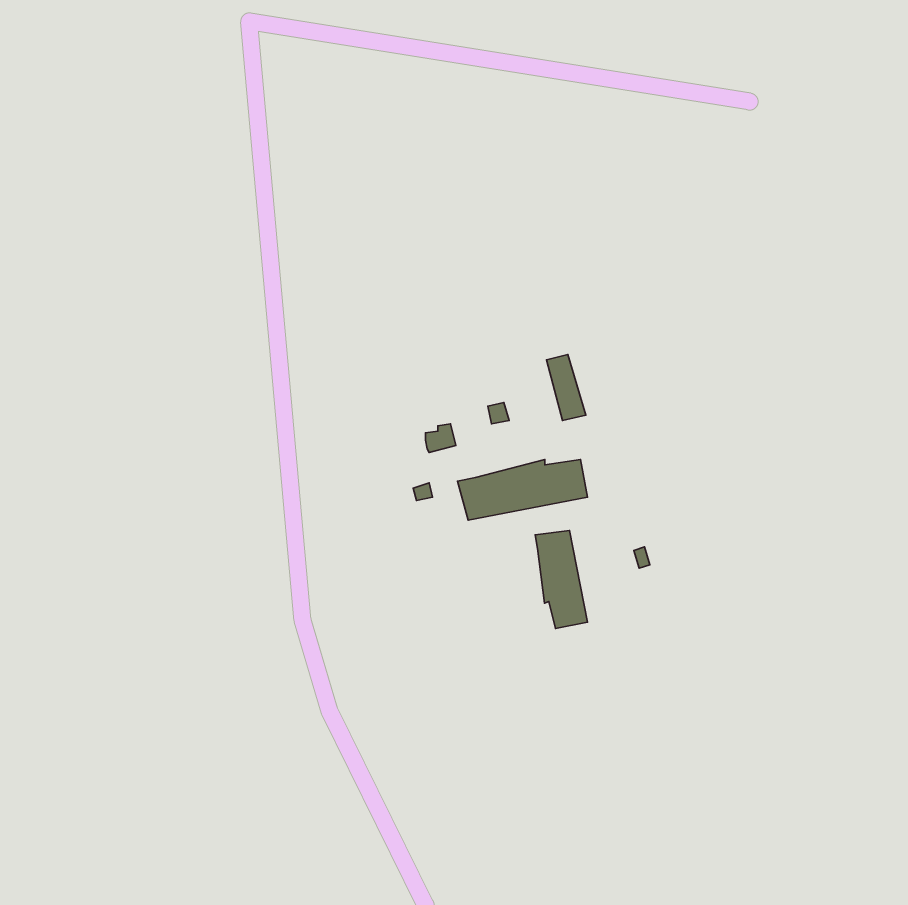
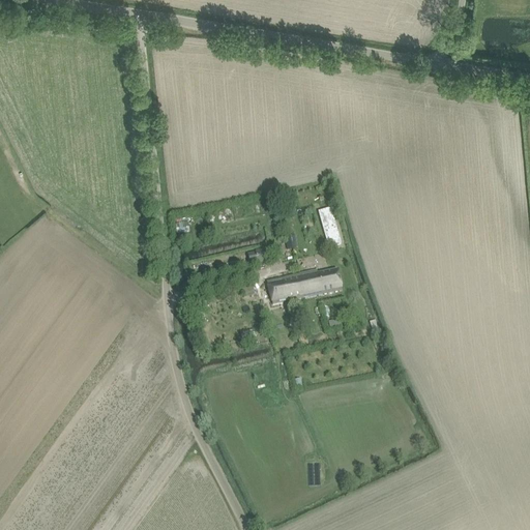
building: [535,530,587,628] -> none

